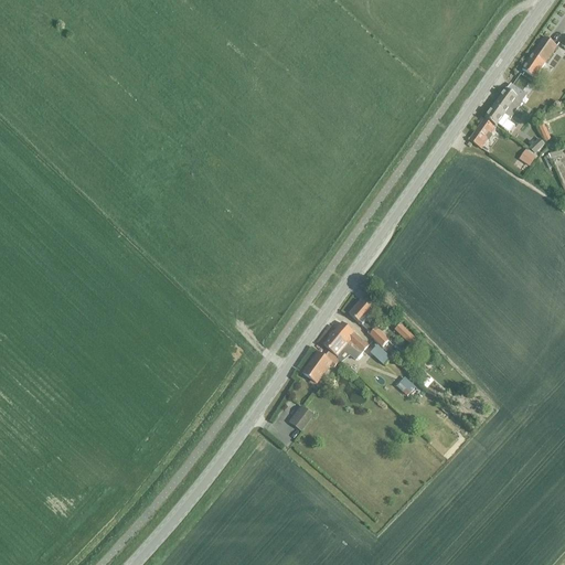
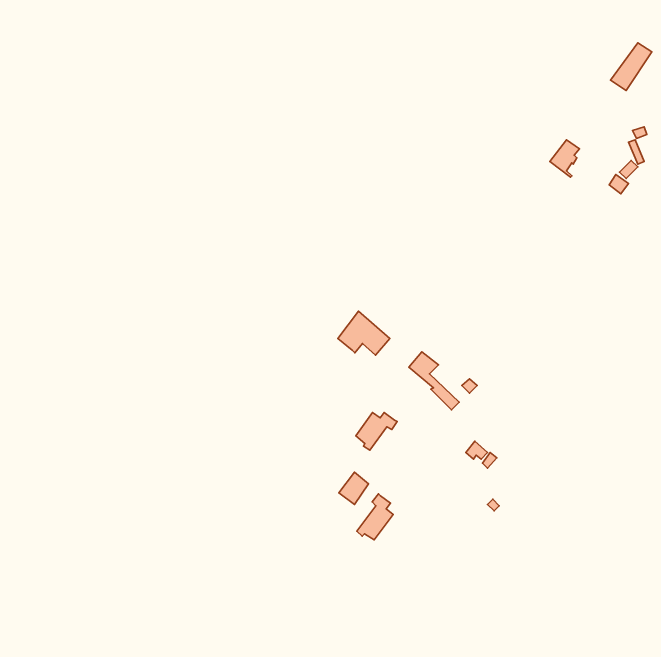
building: [484,84,523,125] -> none
building: [323,321,367,359] -> [338,311,390,355]
building: none -> [357,494,393,540]

